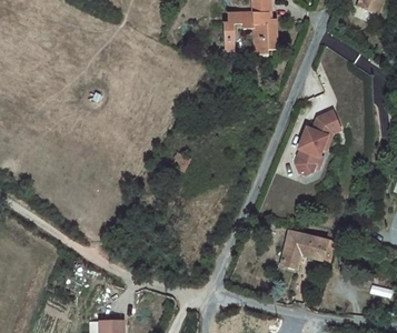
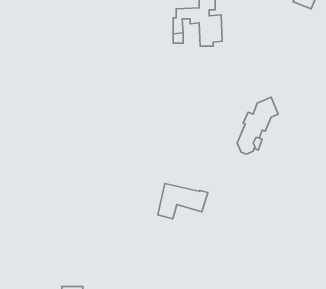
building: [280,230,336,269] -> [158,184,208,219]

